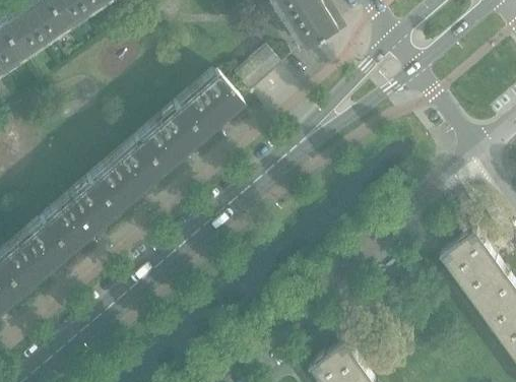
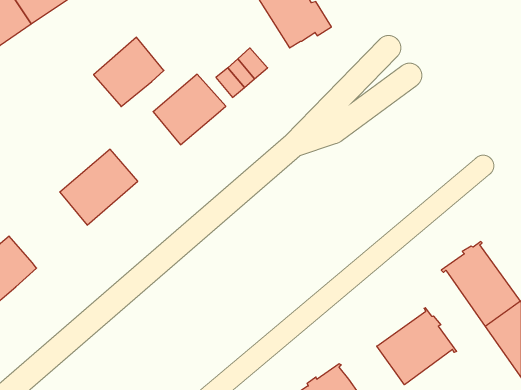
building: [134,112,199,176] -> [94,37,164,107]
building: [41,186,113,256] -> none
building: none -> [377,308,457,385]

